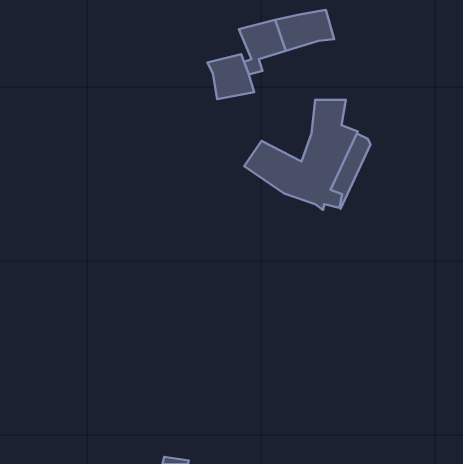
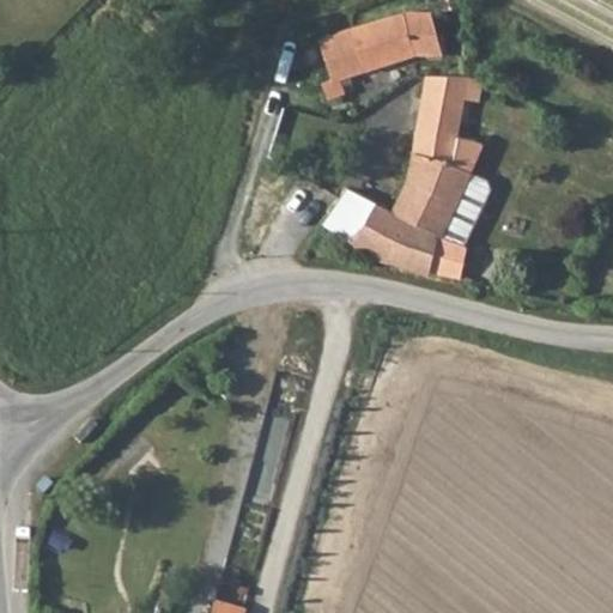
building: [207,54,254,99] -> none
building: none -> [417,72,451,132]

